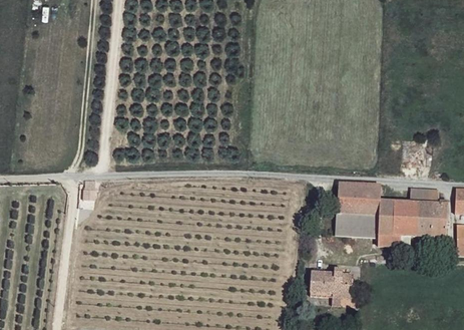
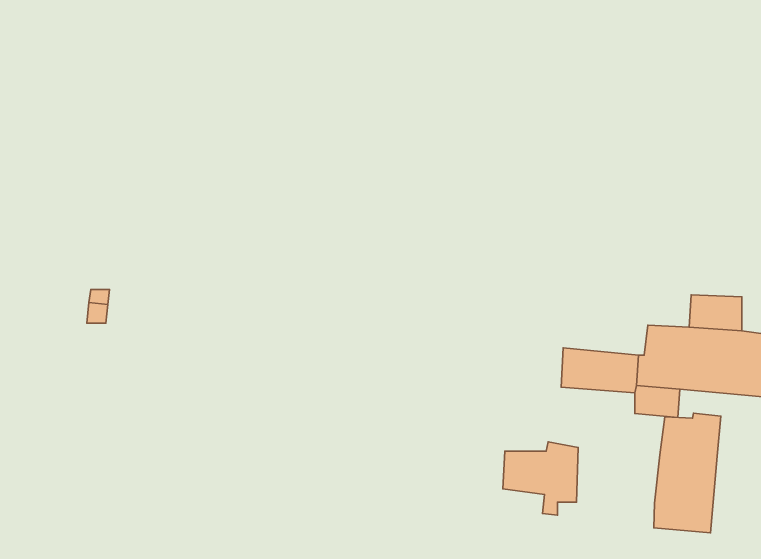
building: [339,187,384,219] -> none
building: none -> [654,413,721,533]

